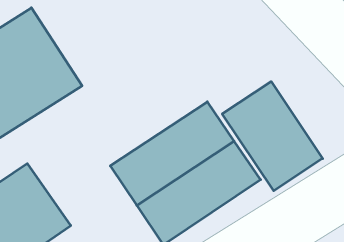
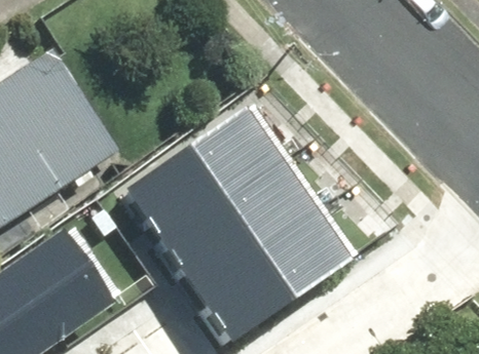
building: none -> [126,108,284,240]
building: [222,82,323,191] -> none

